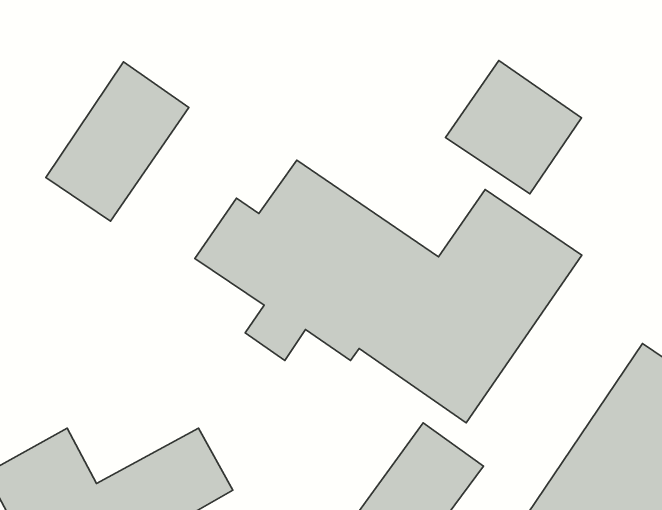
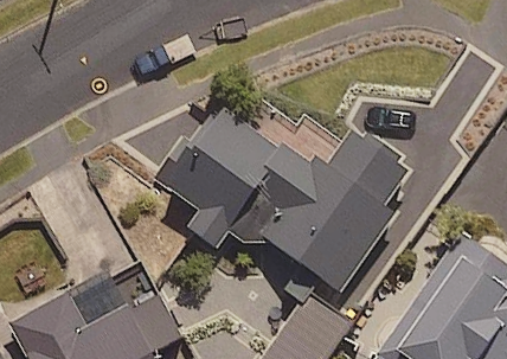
building: [446,60,581,194] -> none
building: [46,62,189,221] -> none

